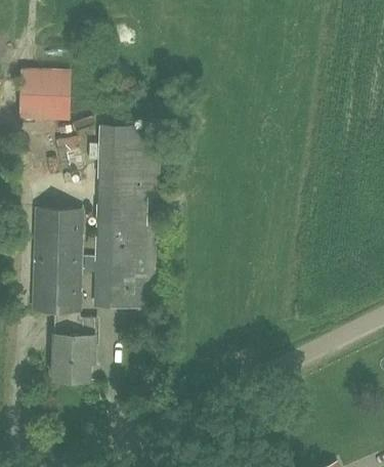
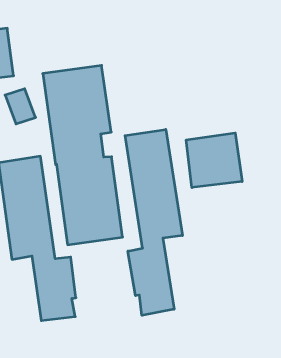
building: none -> [125,129,182,315]
building: none -> [186,133,242,188]

